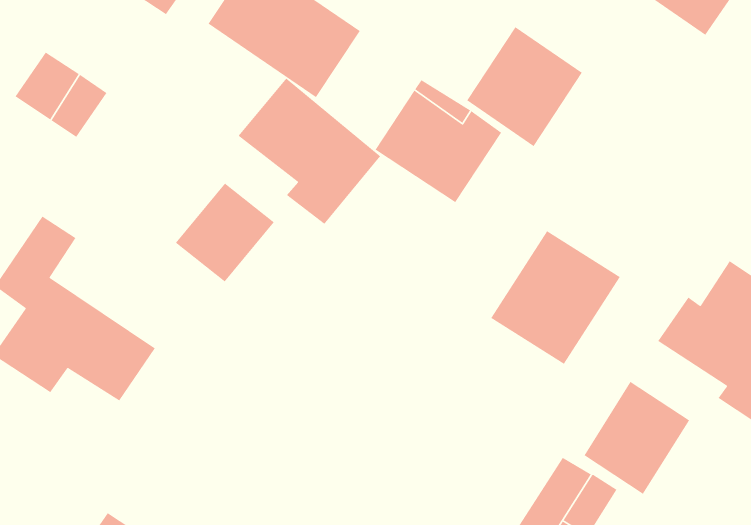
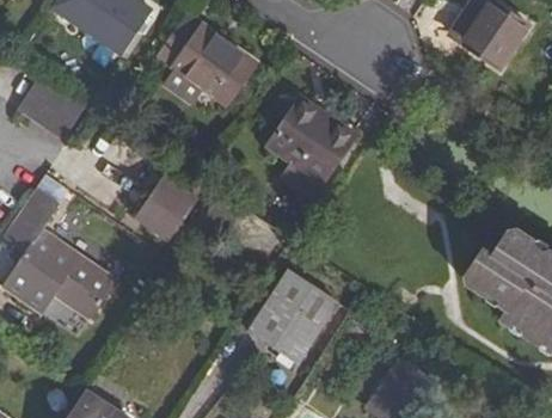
building: [466,26,583,147] -> none
building: [238,78,381,225] -> none
building: [490,230,621,365] -> [247,271,338,364]
building: [583,381,690,495] -> none

